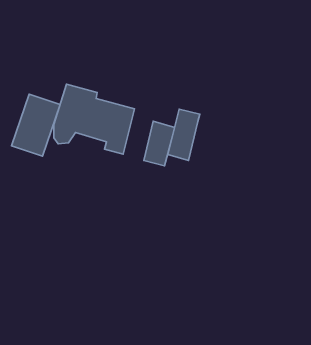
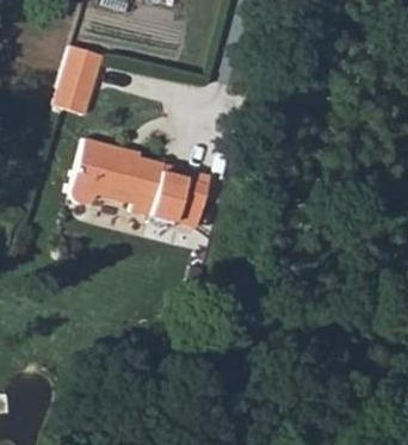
building: [12,94,60,156] -> [48,48,104,119]
building: [168,109,200,161] -> [152,163,188,223]

